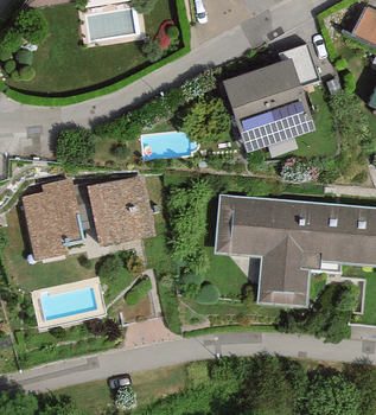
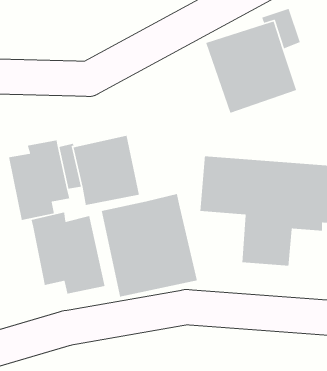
building: none -> [101,193,198,297]
building: none -> [30,212,105,295]

